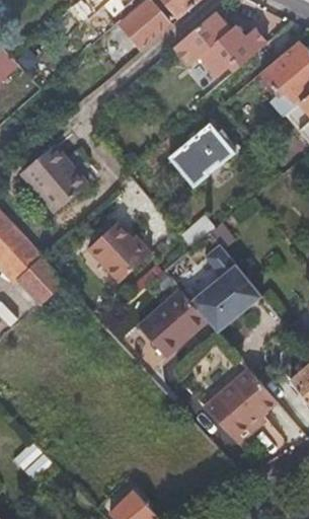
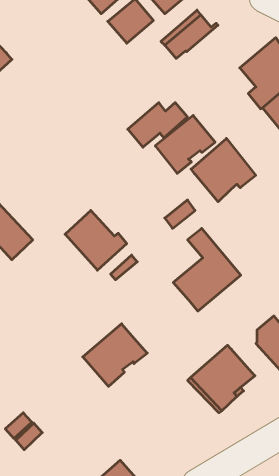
building: [204,28,267,76] -> [128,103,187,147]
building: [20,145,93,213] -> none
building: none -> [191,138,256,202]
building: [17,257,64,304] -> none
building: [137,290,206,357] -> [83,324,147,386]

